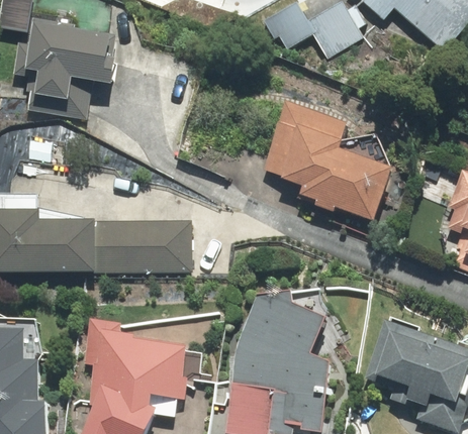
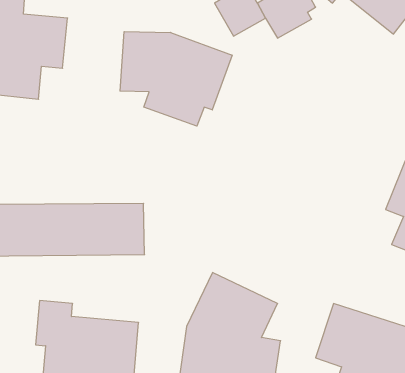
building: none -> [120,32,232,126]
building: [266,105,390,221] -> none

